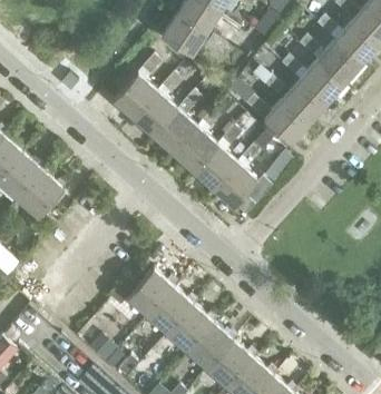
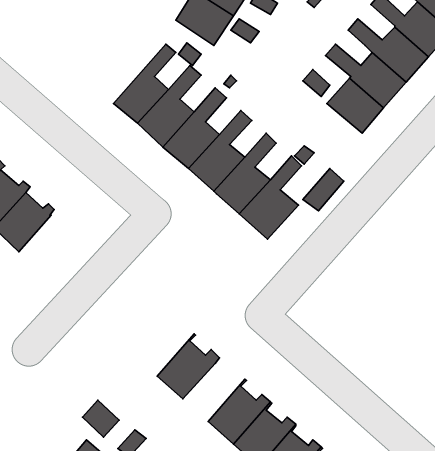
building: [243,96,307,145] -> none
building: [108,269,175,316] -> none
building: [166,306,215,352] -> none

